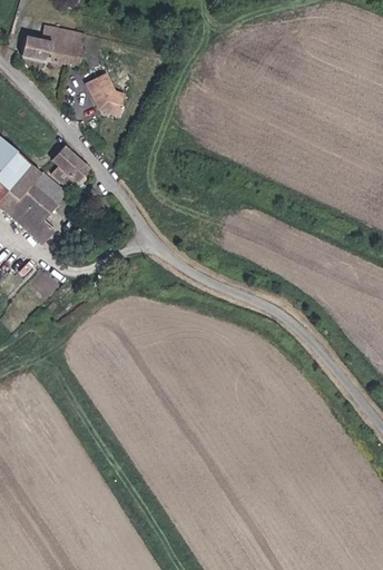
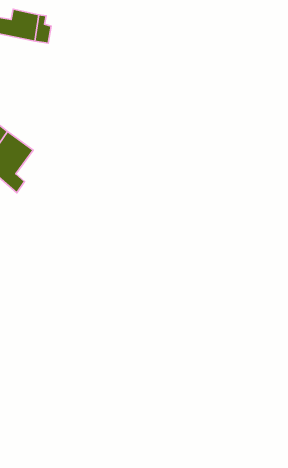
building: [82,68,125,110] -> none
building: [52,147,86,179] -> none

